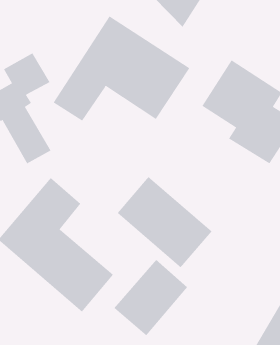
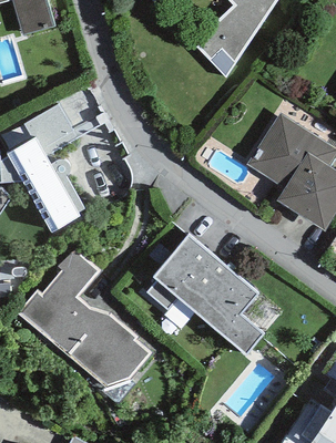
building: [53,15,190,121] -> none
building: [114,259,188,336] -> none

